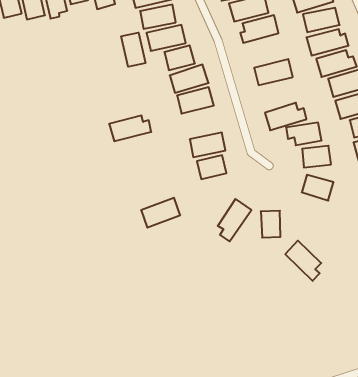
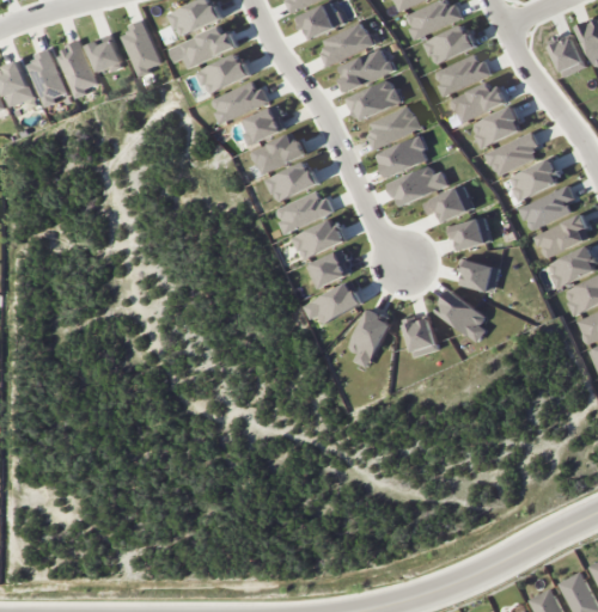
building: [121,33,145,67] -> none
building: none -> [349,79,402,121]
building: none -> [377,136,429,178]
building: [109,116,151,141] -> [274,191,334,232]
building: [141,198,180,228] -> [306,281,361,328]
building: [285,241,321,281] -> [435,289,487,342]

